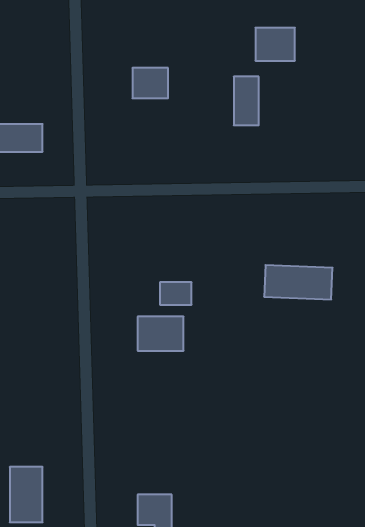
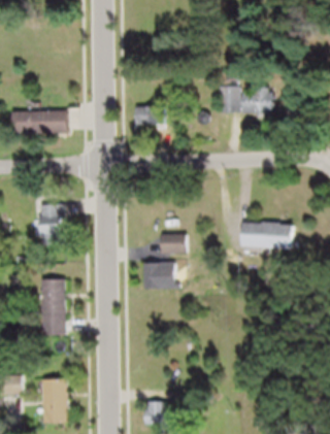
building: [255,28,295,61] -> [240,88,271,113]
building: [132,68,168,98] -> [133,106,161,130]
building: none -> [38,203,64,244]
building: none -> [40,279,64,335]

